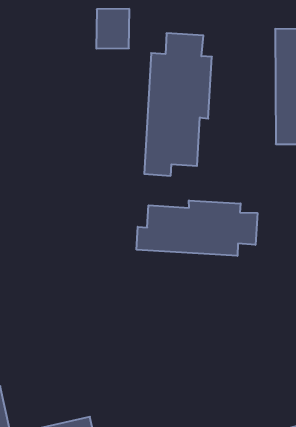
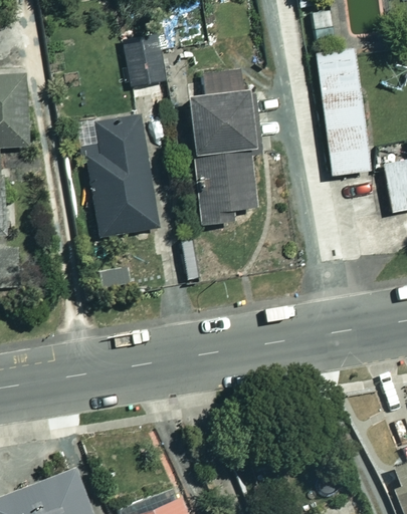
building: none -> [75,102,165,238]
building: [137,200,257,256] -> none

